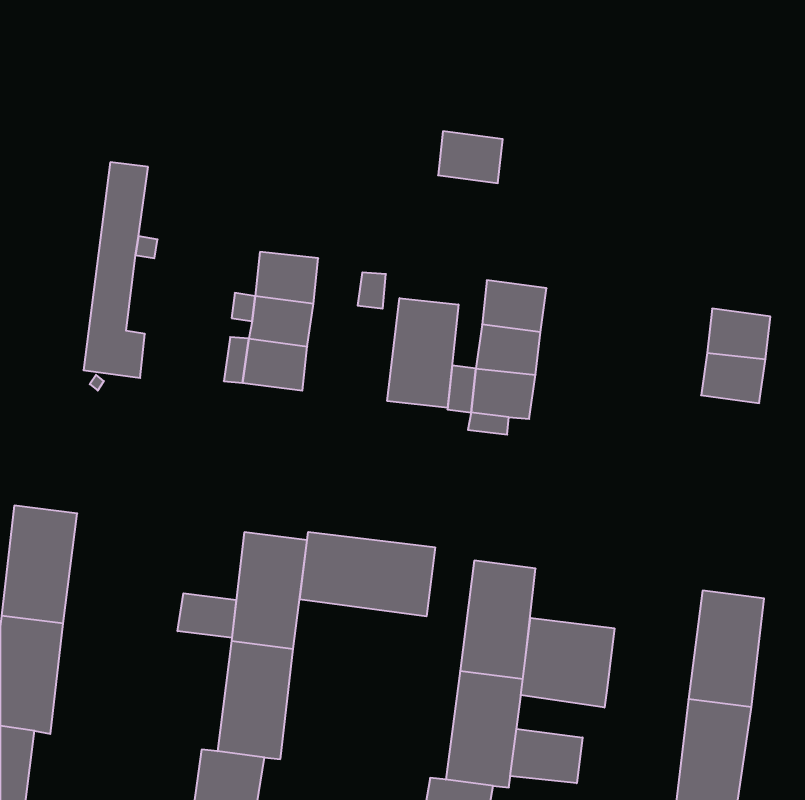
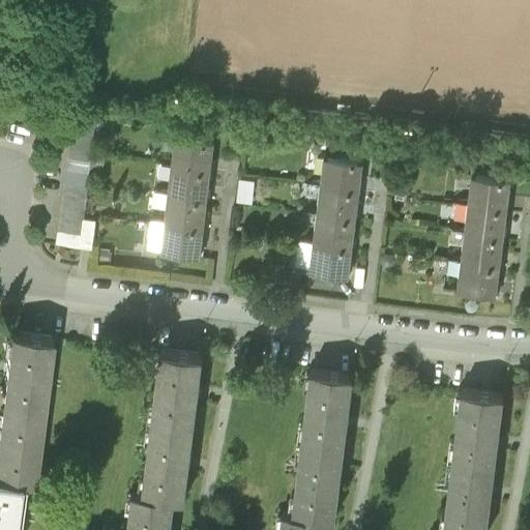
building: [438,131,503,183] -> [320,158,362,193]
building: none -> [171,140,213,173]
building: none -> [468,177,510,211]
building: [387,298,458,408] -> none
building: none -> [458,263,499,297]
building: [300,532,435,616] -> none
building: [178,593,236,638] -> none
building: [521,618,614,708] -> none
building: [510,729,583,783] -> none

